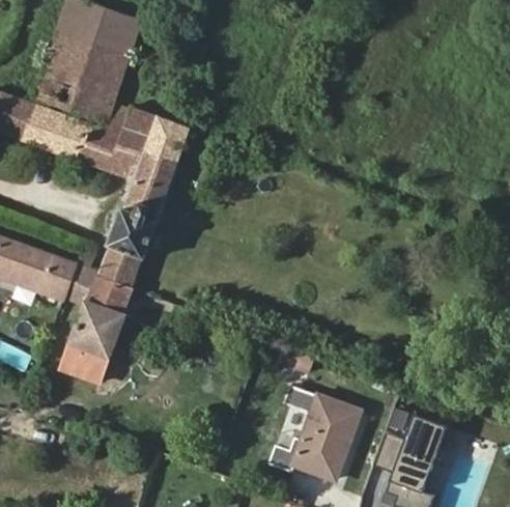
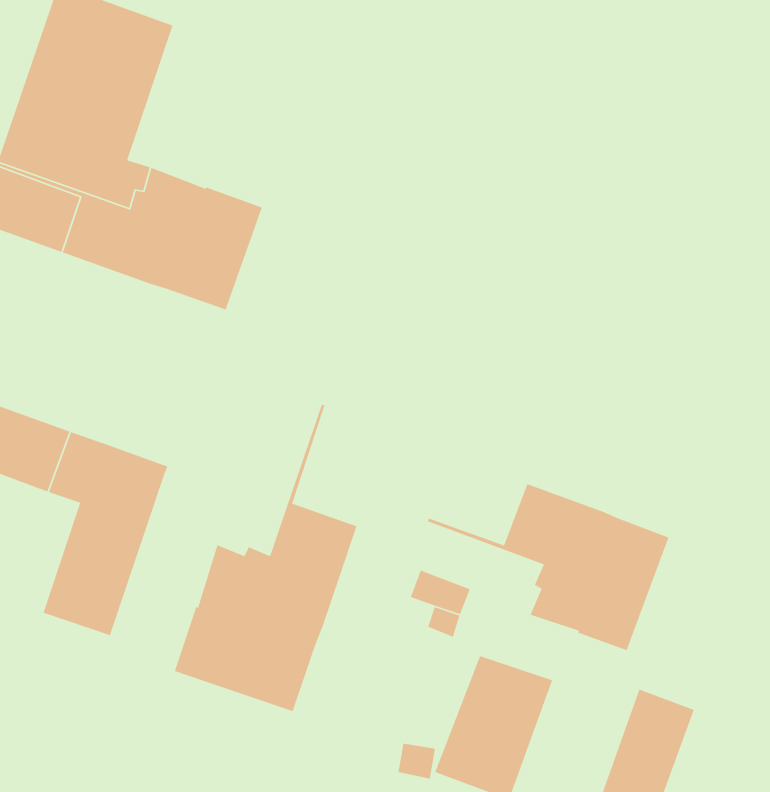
building: [100,178,168,283] -> none
building: none -> [174,404,357,712]
building: none -> [427,483,670,651]

